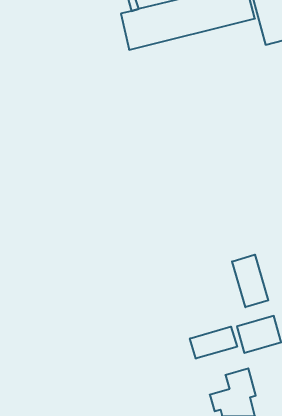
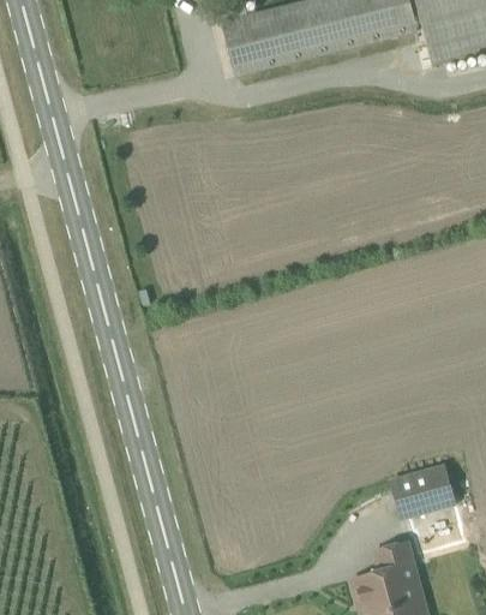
building: [232,255,268,307] -> none
building: [190,327,237,359] -> none

